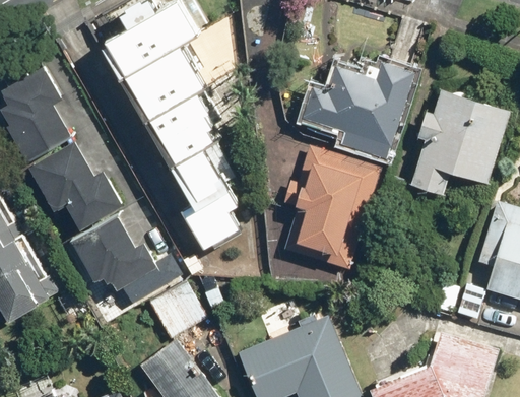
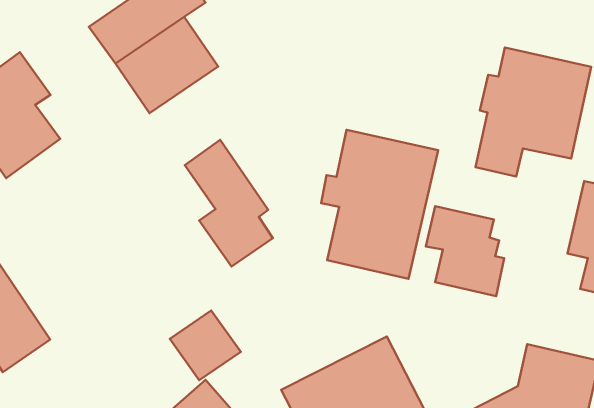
building: [300,62,415,159] -> none
building: [147,90,216,164] -> none
building: [27,141,125,229] -> none
building: [72,213,188,306] -> none
building: none -> [426,206,504,296]

